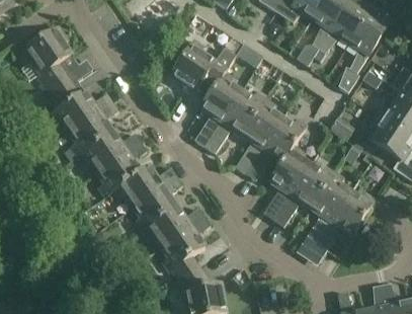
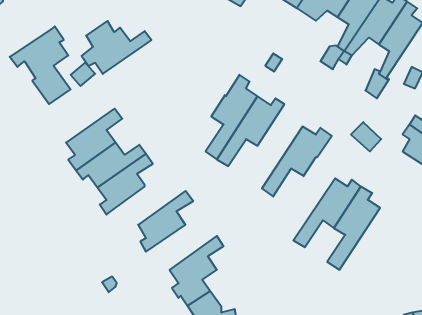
building: [170,40,226,91] -> none
building: [49,83,111,131] -> [82,21,151,74]
building: [234,96,280,172] -> none
building: [262,144,310,219] -> none
building: [112,163,175,205] -> none
building: [314,189,375,252] -> none
building: [140,205,203,245] -> none

